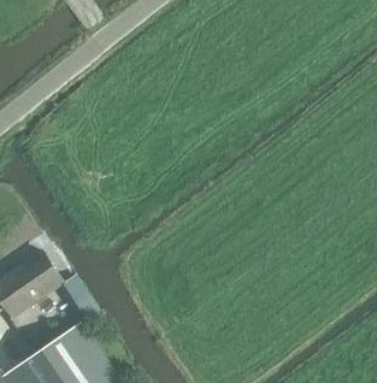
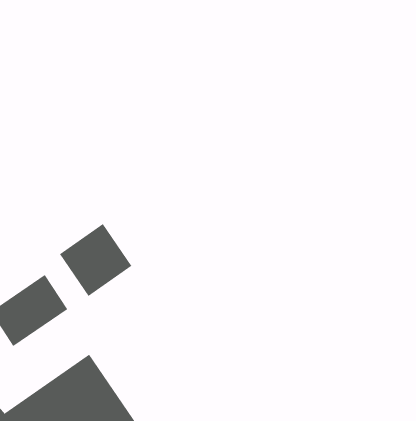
building: none -> [59,223,132,297]

